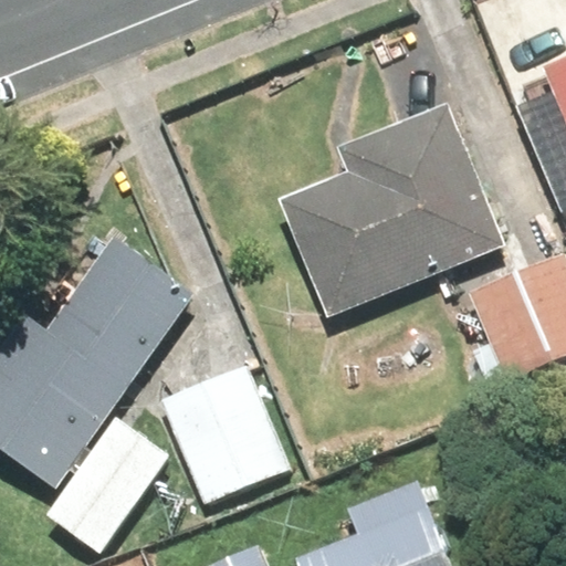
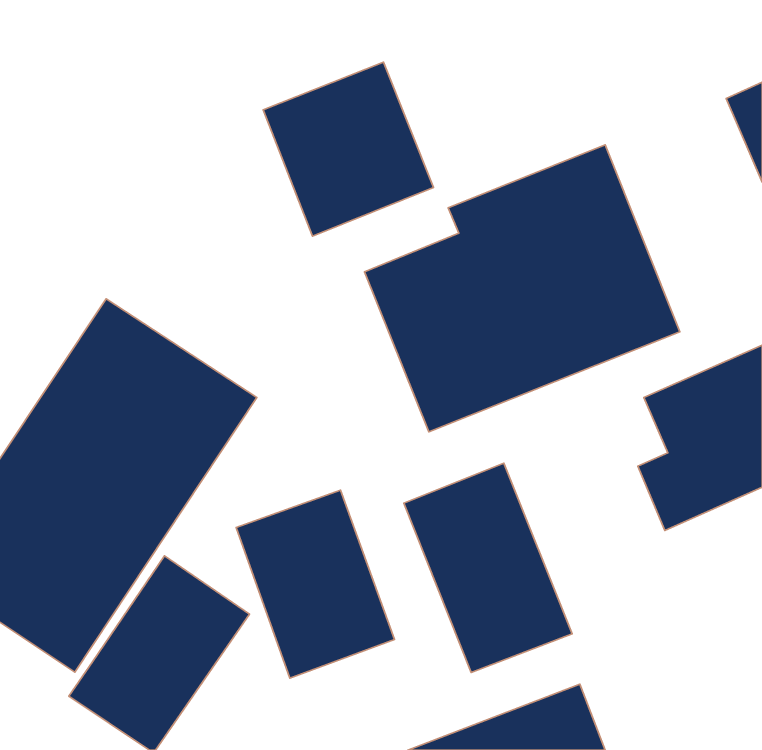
building: none -> [263,62,434,236]
building: none -> [404,463,572,673]

